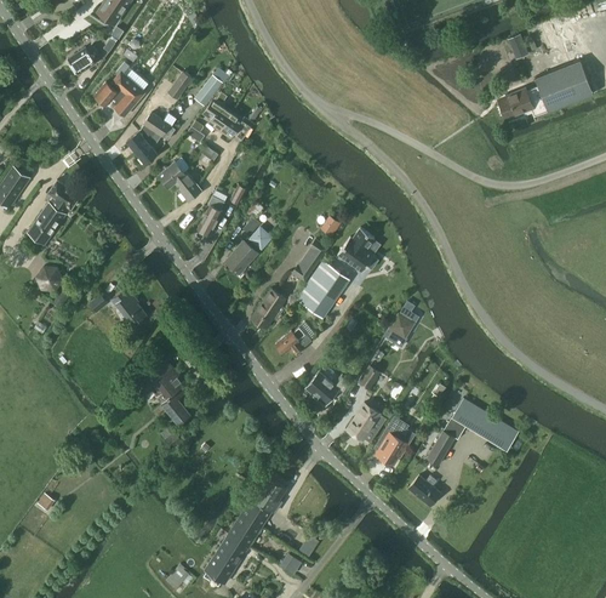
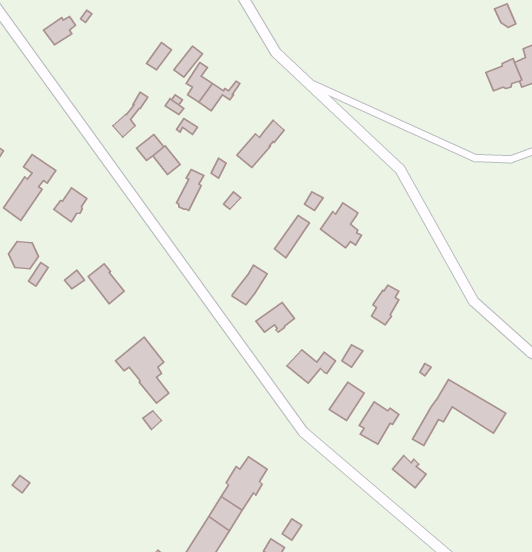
building: [93,63,148,116] -> none
building: [126,113,161,153] -> none
building: none -> [54,188,87,222]
building: [224,227,270,273] -> [237,120,284,167]
building: [296,261,348,318] -> none

